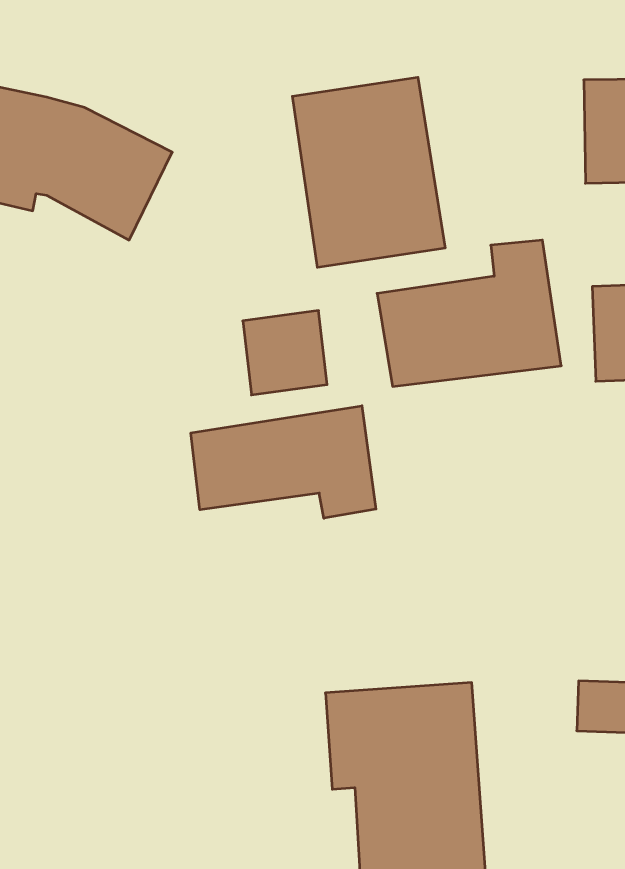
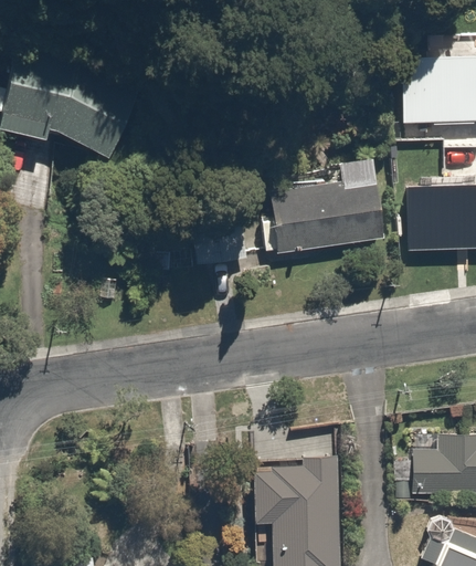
building: [292,77,445,267] -> none
building: [191,406,376,518] -> none

